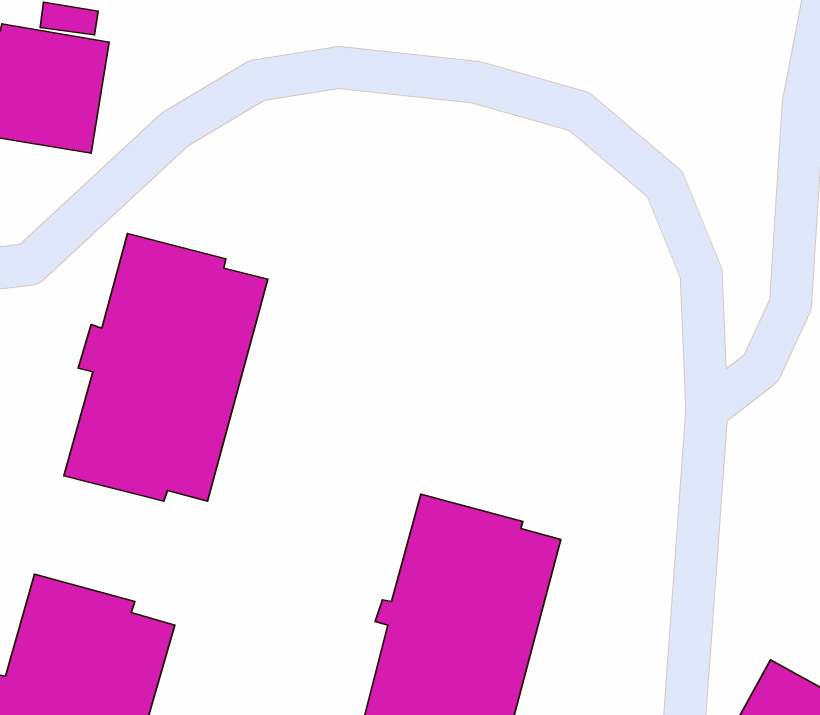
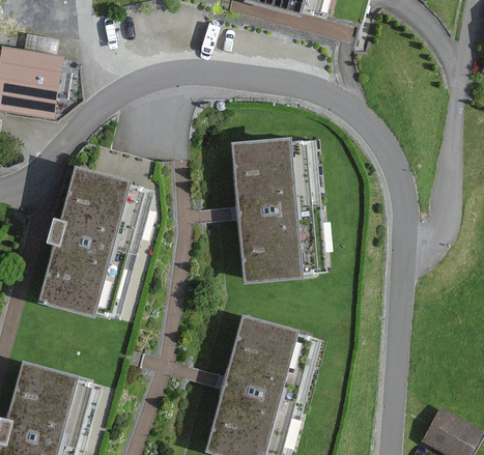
building: none -> [229,138,325,285]

